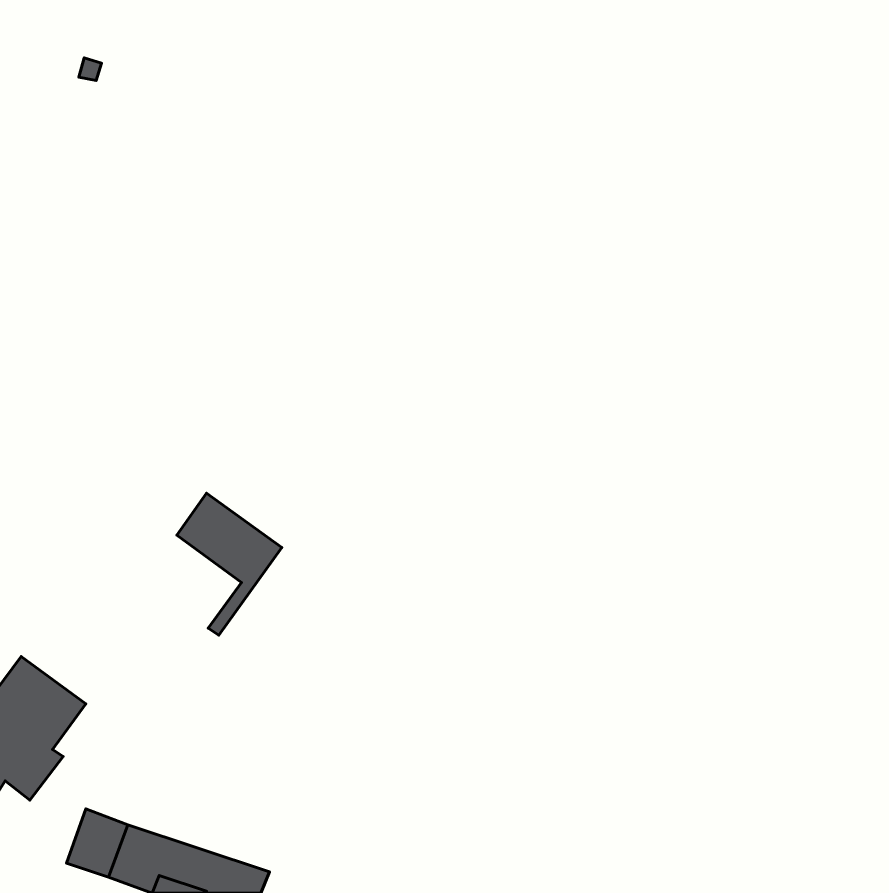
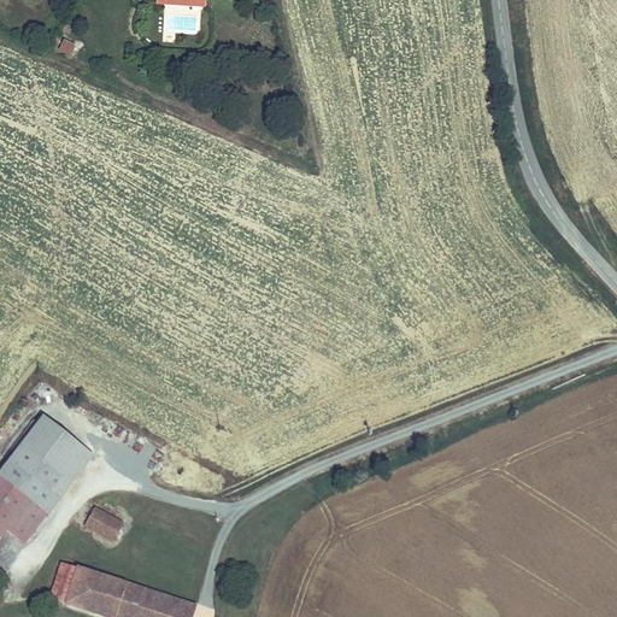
building: [177,493,282,635] -> [14,423,87,521]
building: none -> [89,512,124,541]

